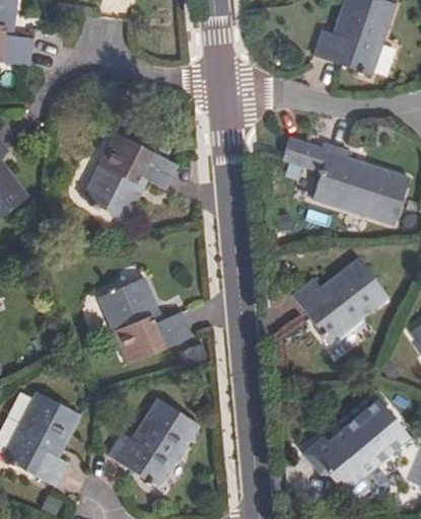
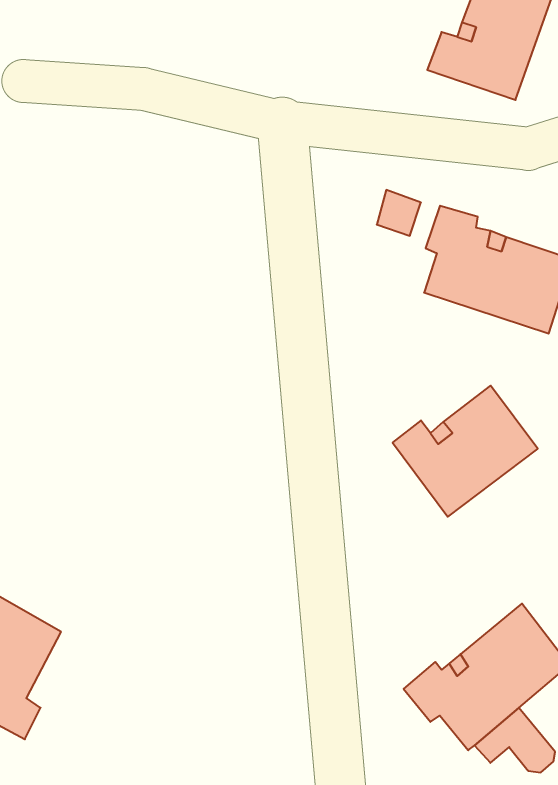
building: [80,132,178,220] -> none
building: [99,276,193,364] -> none
building: [107,396,199,487] -> none

